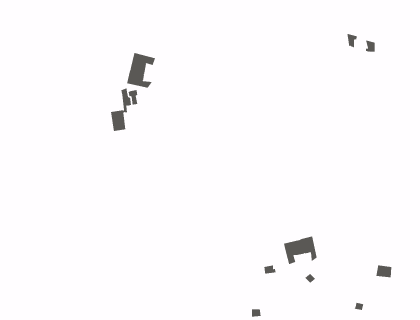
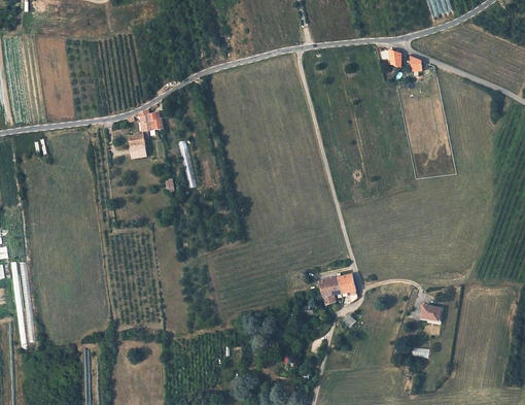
building: [126,52,156,88] -> none

